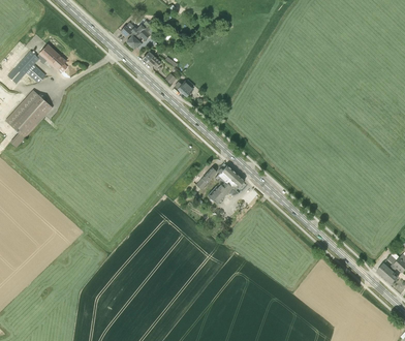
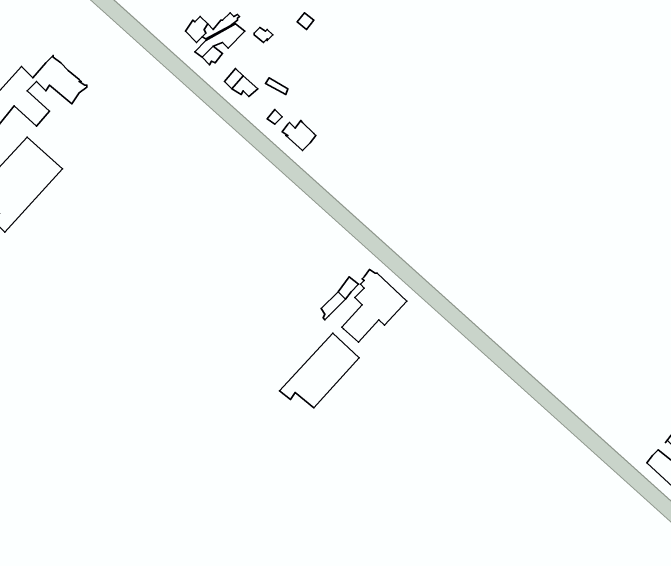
building: none -> [280,333,359,408]

